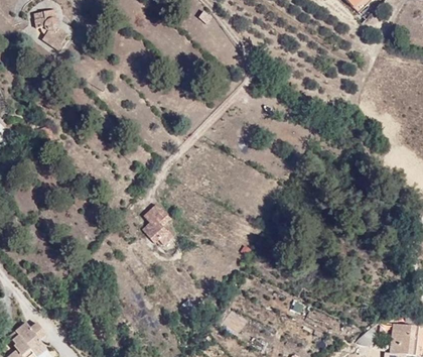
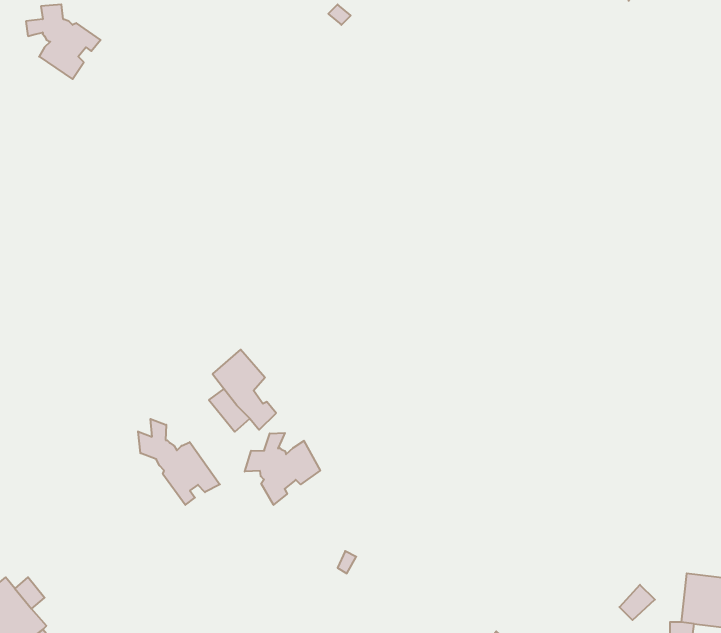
building: none -> [138,419,220,505]
building: none -> [245,433,320,505]

